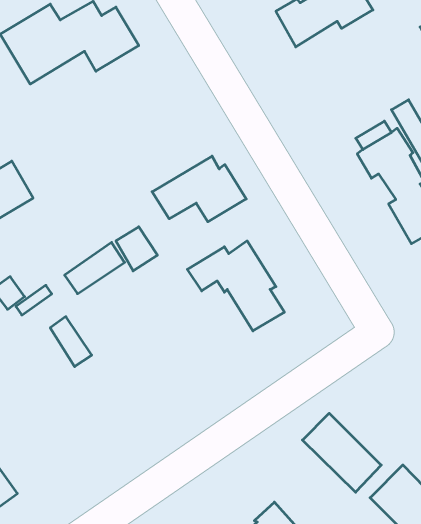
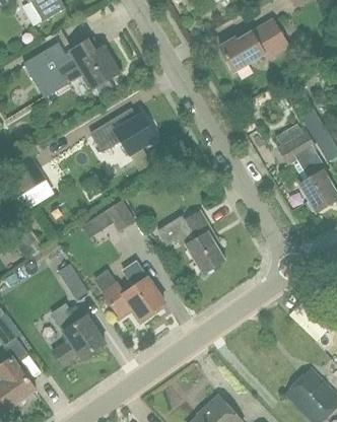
building: [152,156,246,222] -> [89,108,156,154]
building: none -> [103,263,164,320]
building: none -> [52,303,106,366]
building: [302,413,381,492] -> none

